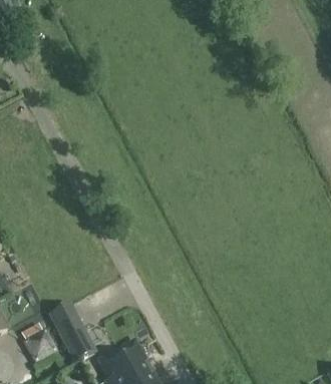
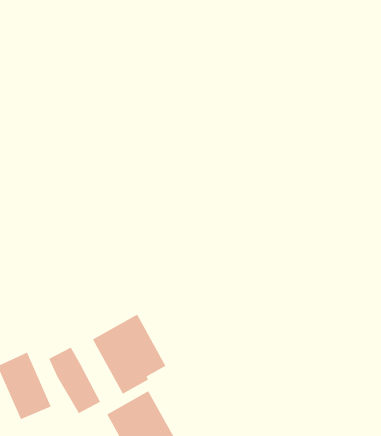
building: none -> [92,314,166,395]

